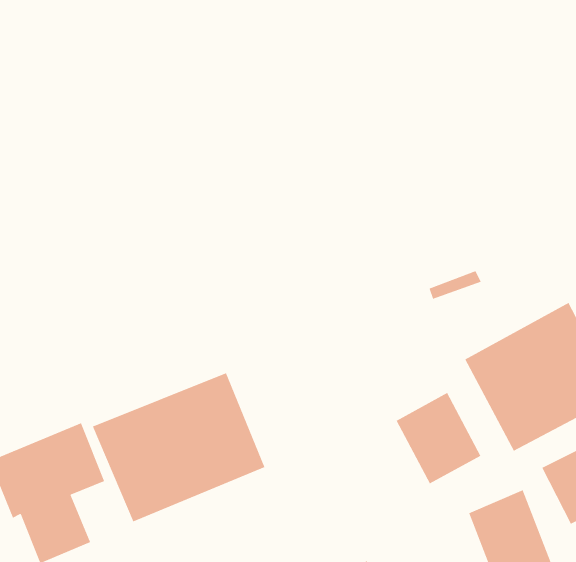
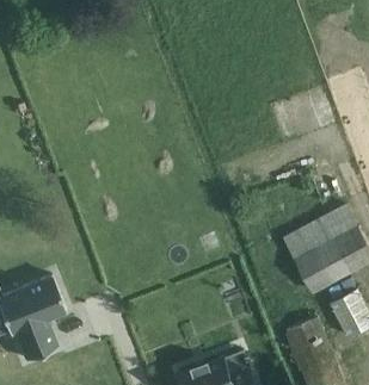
building: [92,372,265,523] -> none
building: [396,392,482,485] -> none

